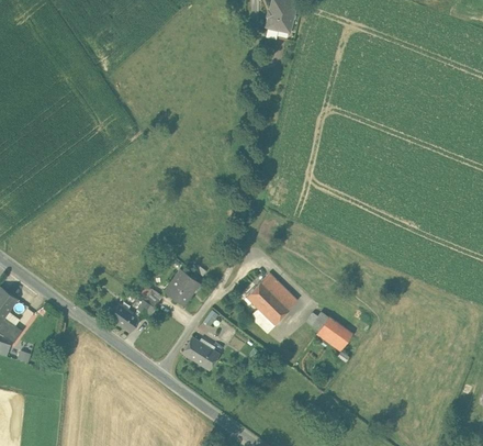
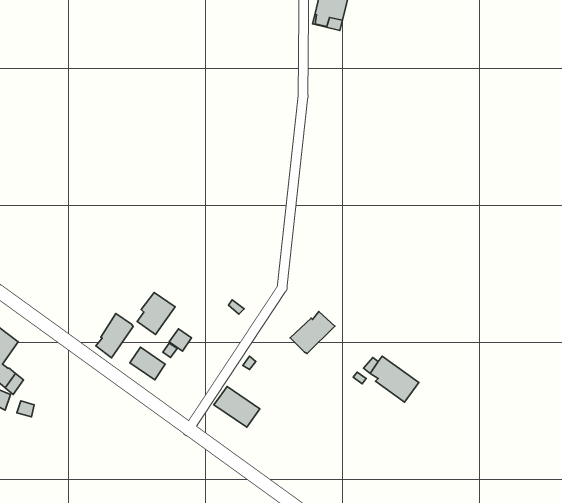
building: [167,269,199,304] -> [137,292,175,334]
building: none -> [96,314,133,358]
building: [256,286,296,324] -> none

